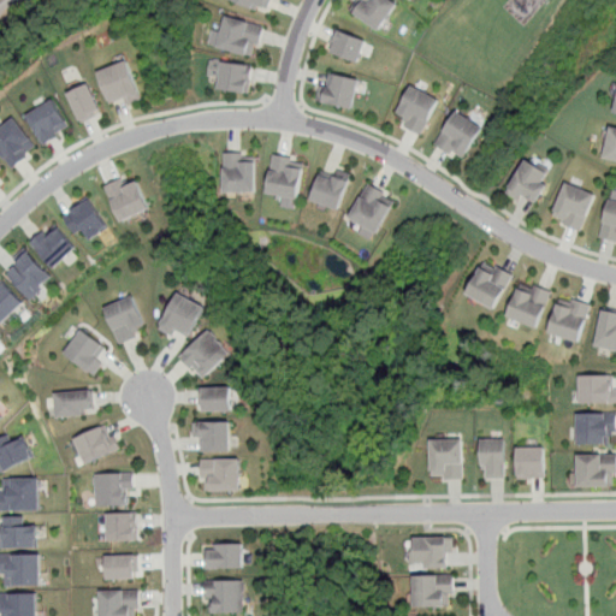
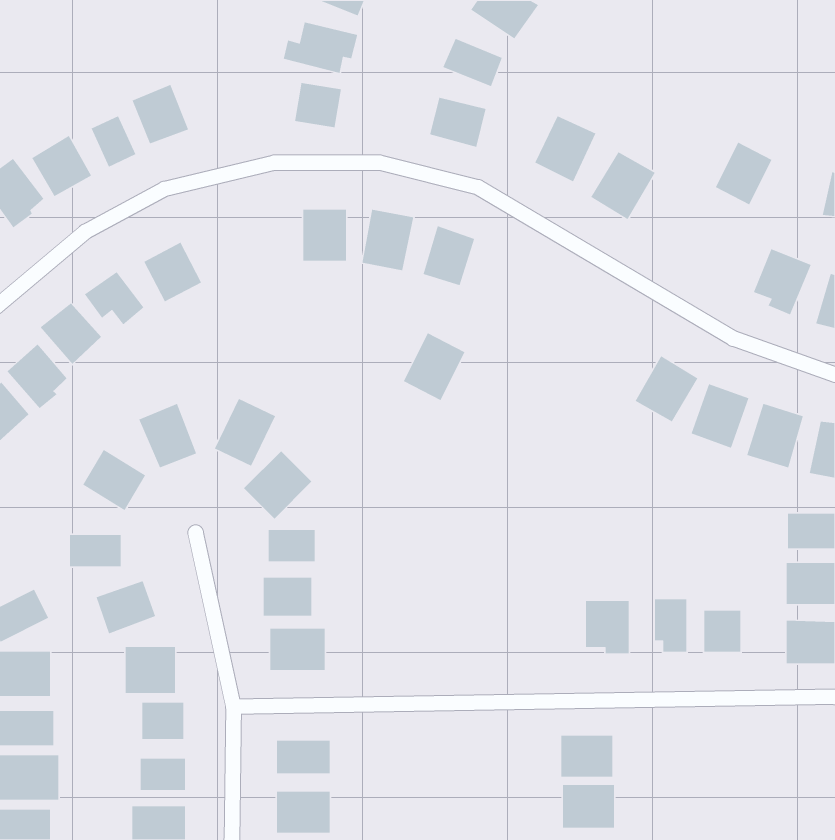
building: [505,160,547,207] -> [715,141,772,206]
building: [348,182,393,232] -> [403,332,465,401]

